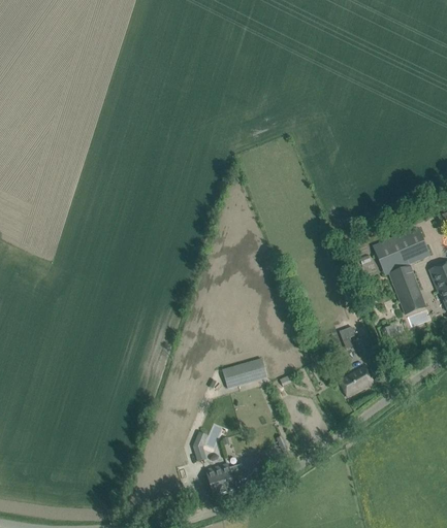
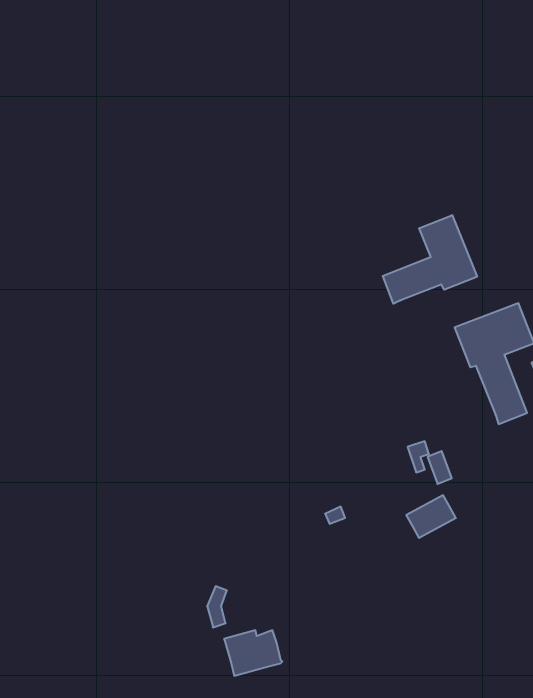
building: none -> [383,215,477,304]
building: [222,358,267,389] -> none

